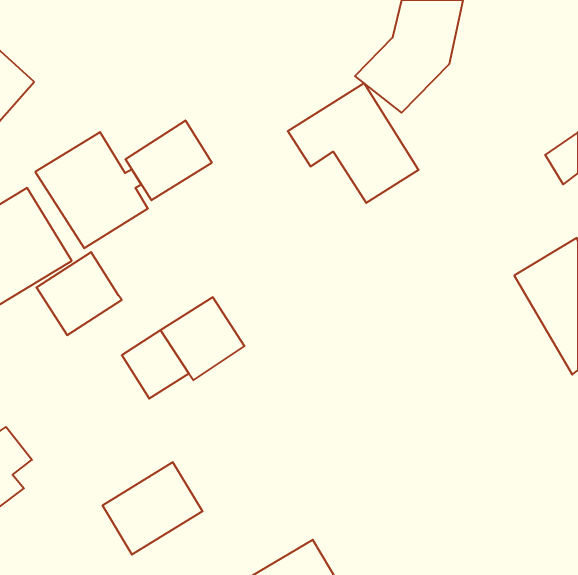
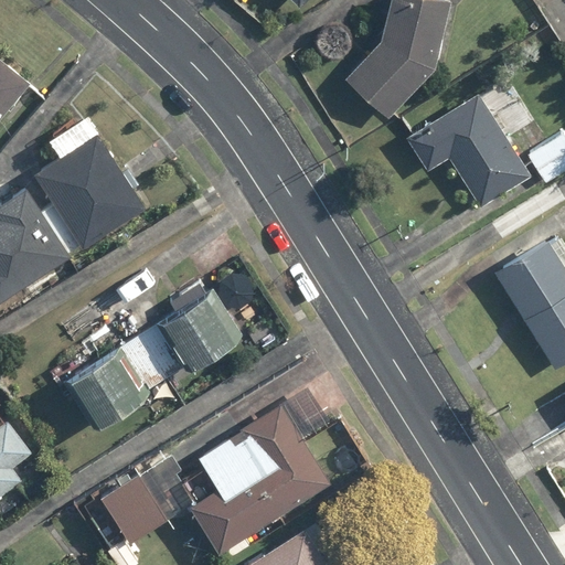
building: [288,83,419,203] -> [405,93,532,209]
building: [125,120,212,200] -> none
building: [36,252,122,335] -> [65,351,148,431]
building: none -> [193,403,332,551]

